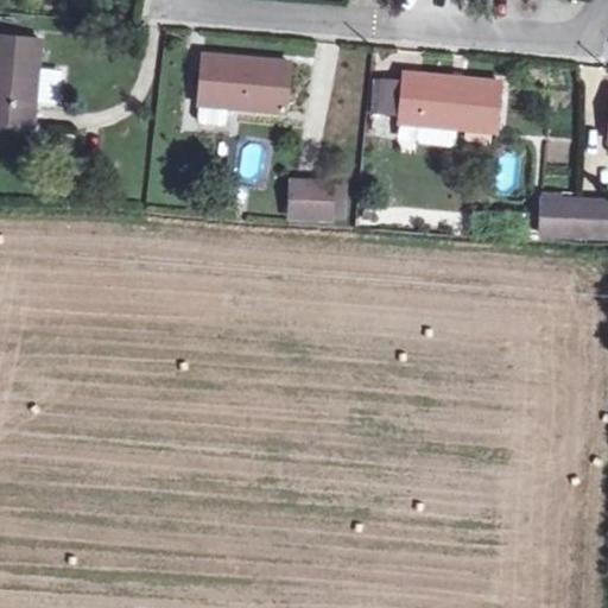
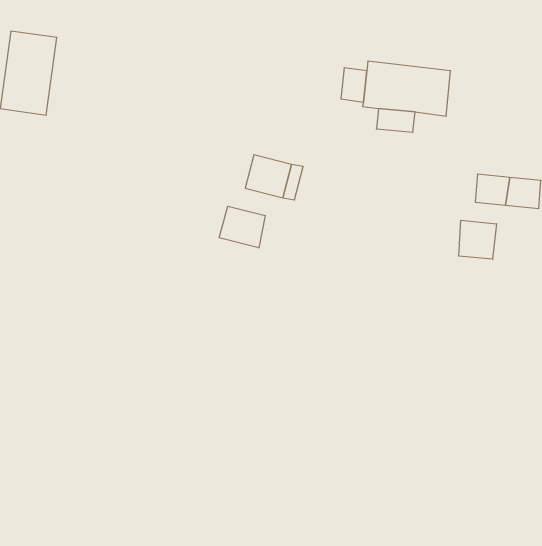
building: [192,51,287,124] -> none
building: none -> [219,206,265,248]
building: none -> [459,220,497,259]

